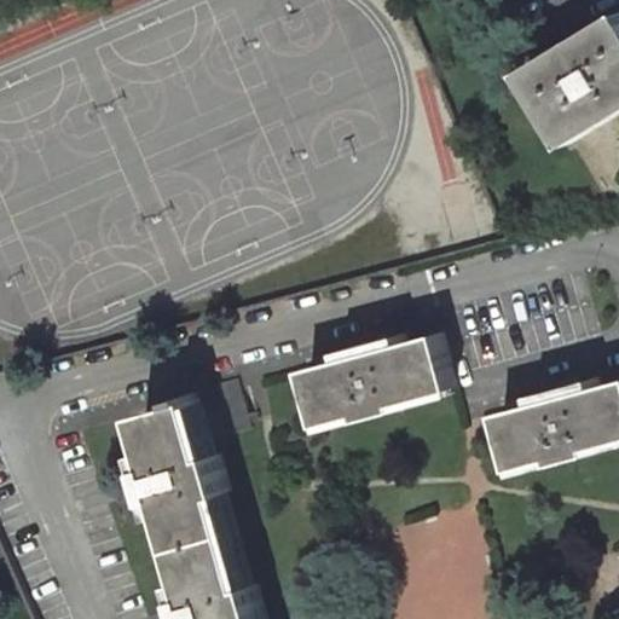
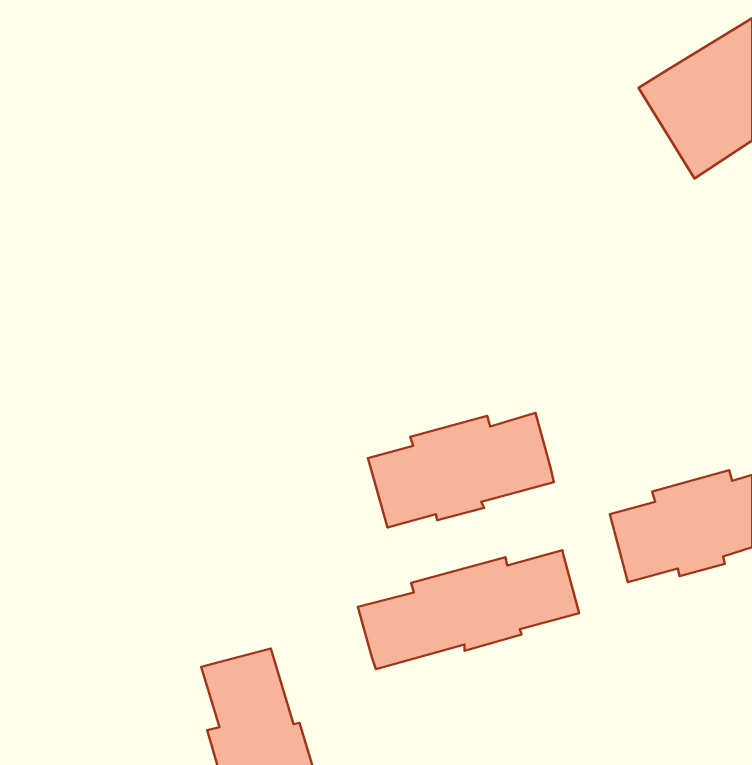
building: [127,401,216,539] -> none
building: none -> [358,550,579,669]

